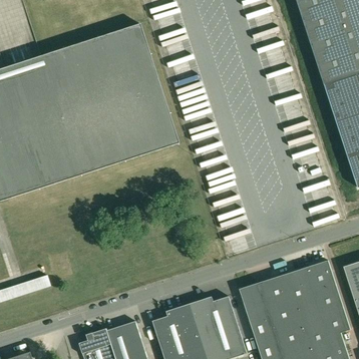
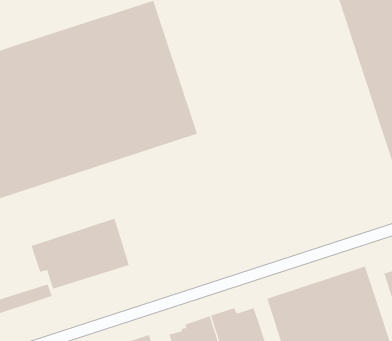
building: none -> [31,218,129,289]

